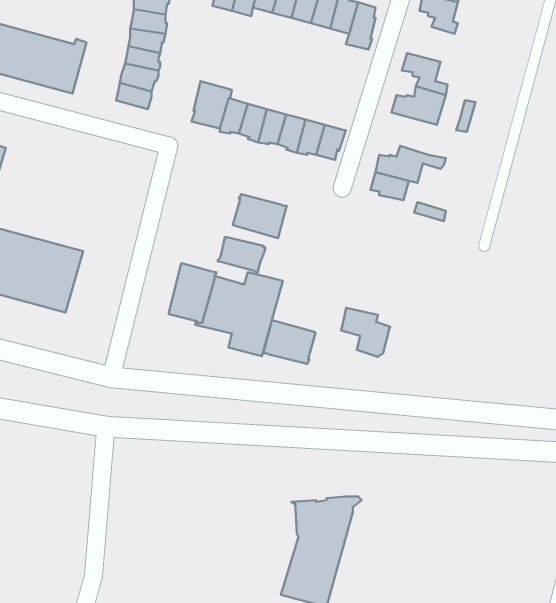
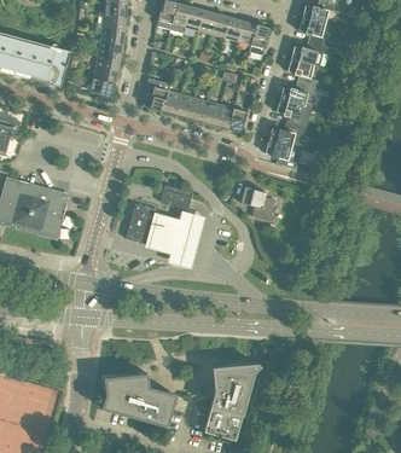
building: none -> [290,40,327,65]
building: none -> [275,99,310,128]
building: [233,194,287,238] -> none
building: [341,308,390,357] -> [240,186,274,220]
building: [263,320,315,364] -> none
building: none -> [101,373,175,425]

